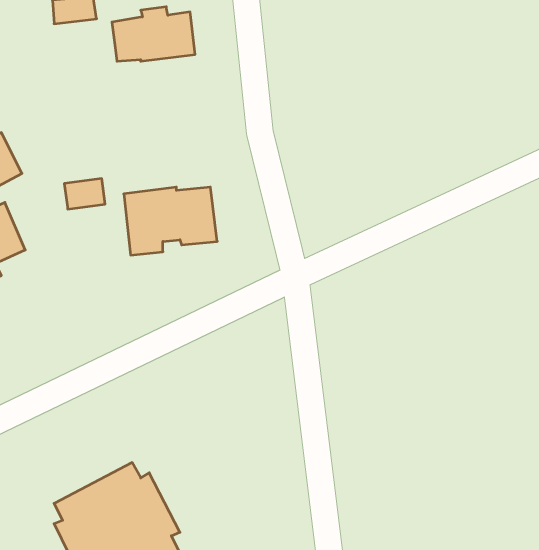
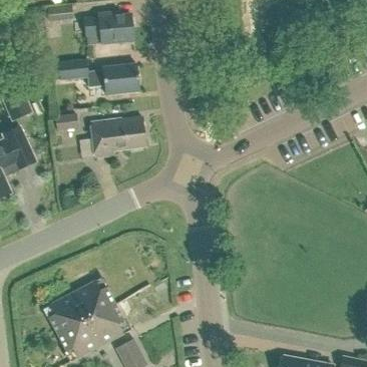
building: none -> [58,59,139,95]

